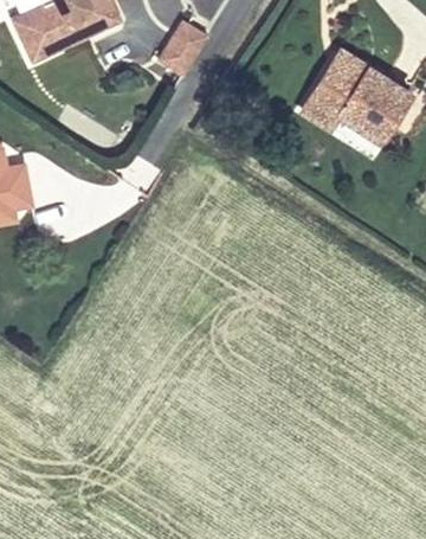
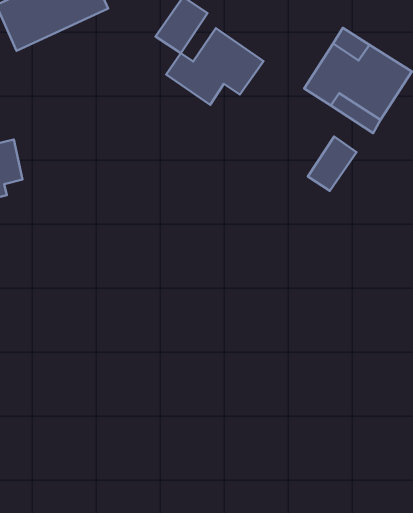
building: none -> [166,28,264,105]
building: none -> [308,137,356,191]

